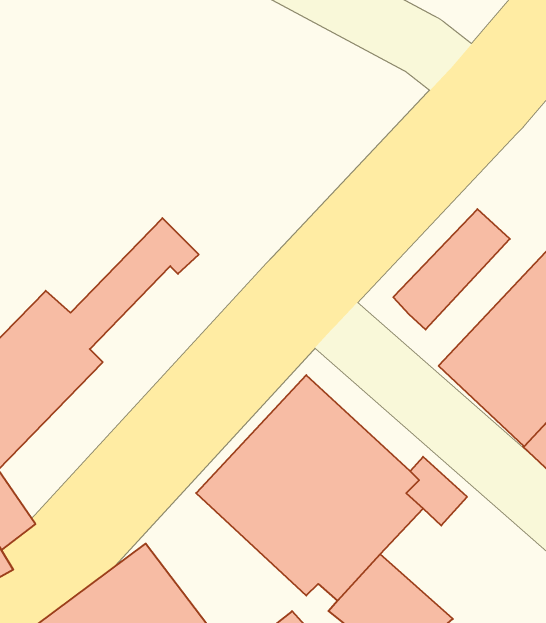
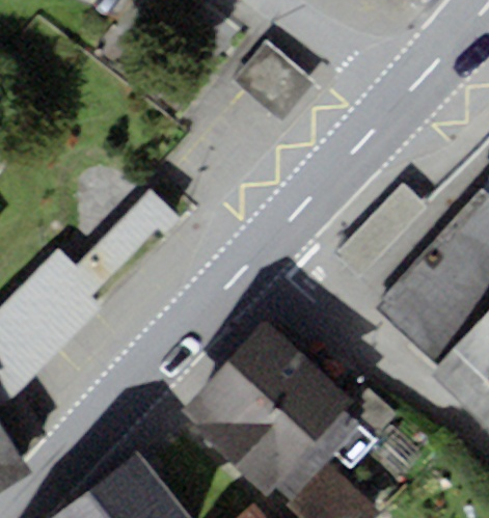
building: none -> [230,37,316,122]

